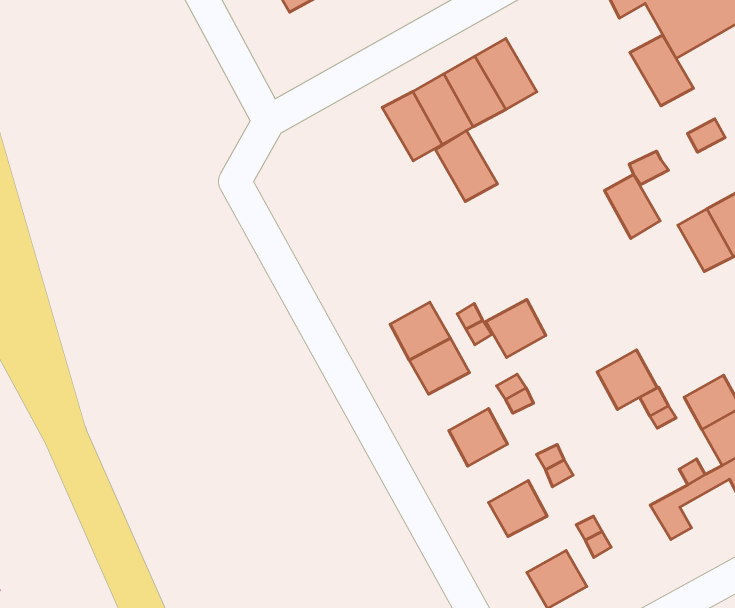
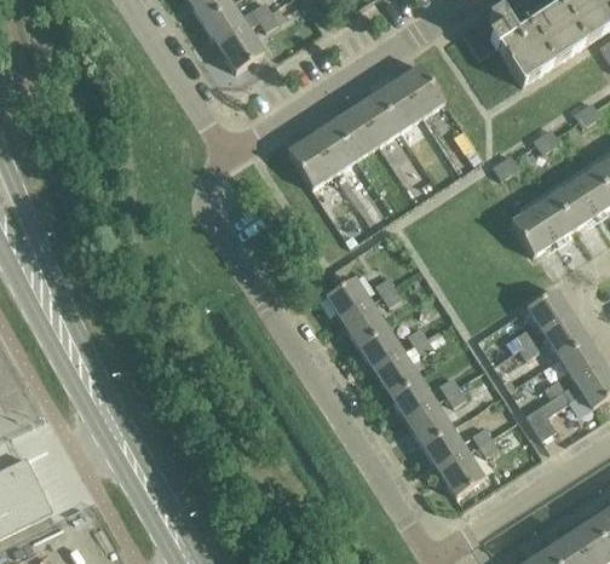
building: [630,35,693,106] -> [395,64,443,116]
building: [436,131,498,201] -> [286,136,333,188]
building: [604,174,660,239] -> [510,207,552,254]
building: [486,299,546,357] -> [356,326,401,369]
building: [597,350,657,409] -> [526,288,571,333]
building: none -> [389,376,433,420]
building: none -> [421,427,465,470]

